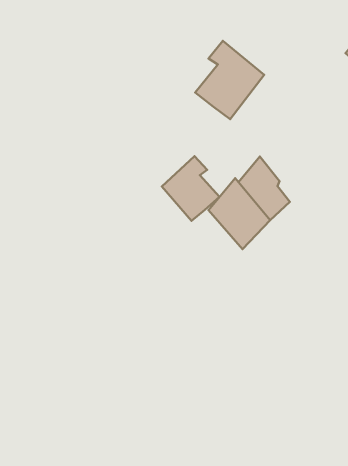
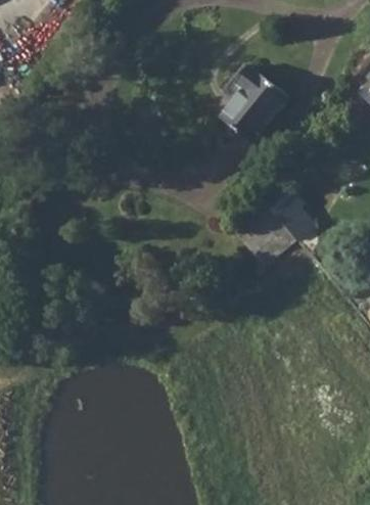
building: [162,156,220,221] -> none

